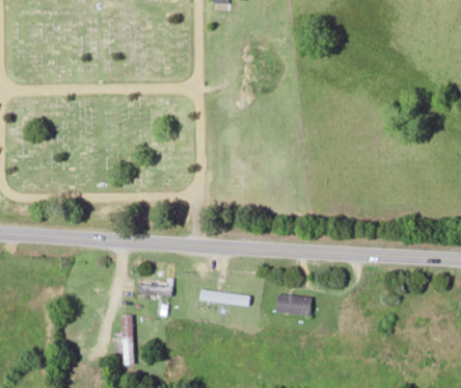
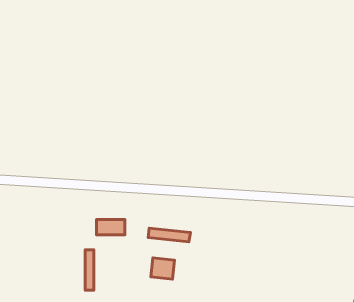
building: [275,294,311,316] -> none
building: none -> [151,258,174,279]

